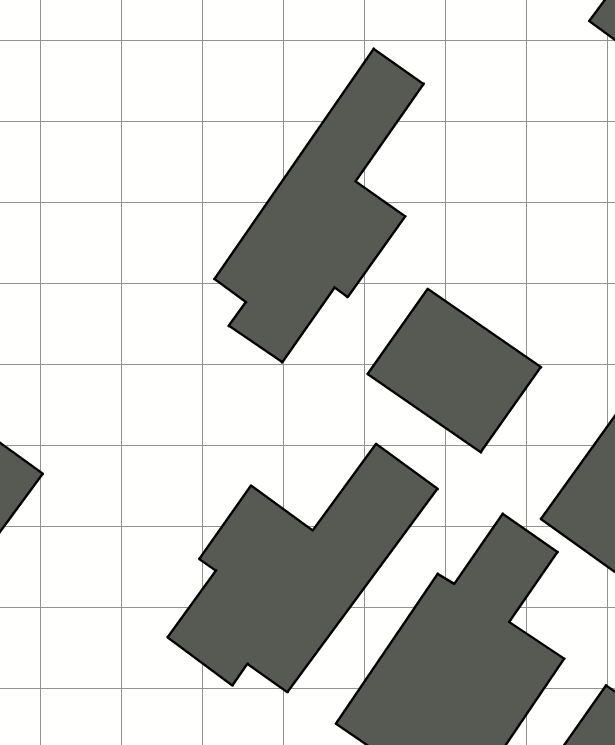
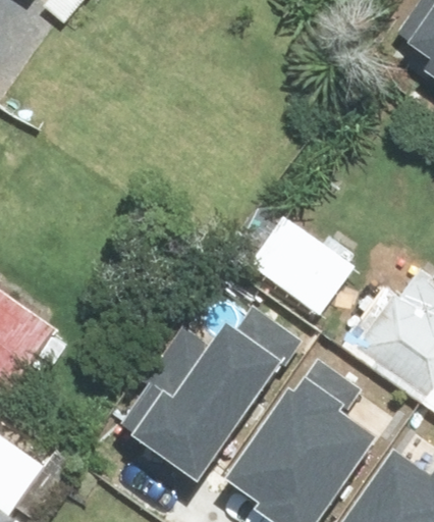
building: [214,49,424,362] -> none

